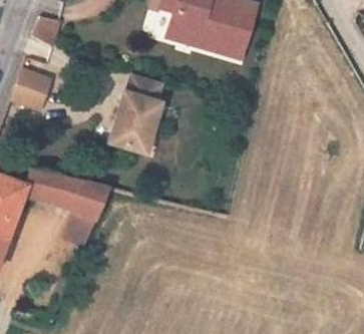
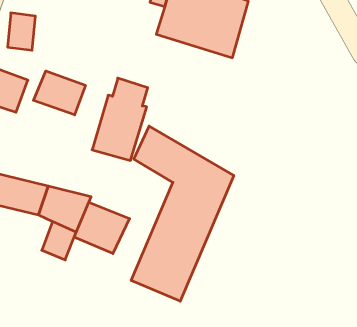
building: none -> [33,71,85,115]
building: none -> [131,126,234,301]
building: none -> [74,202,130,254]

